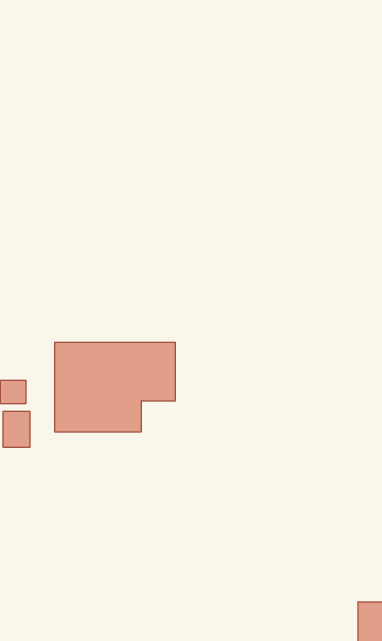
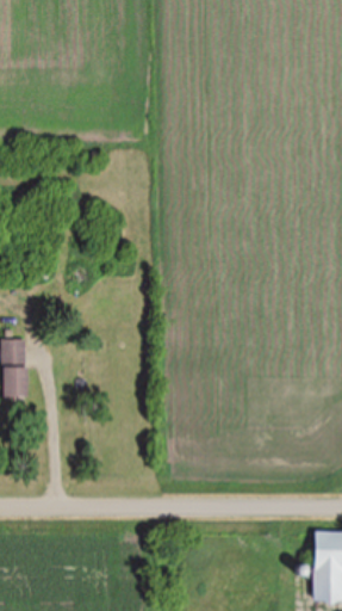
building: [55,342,175,432] -> none

